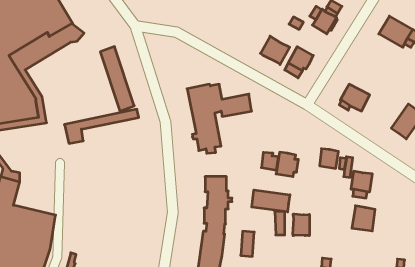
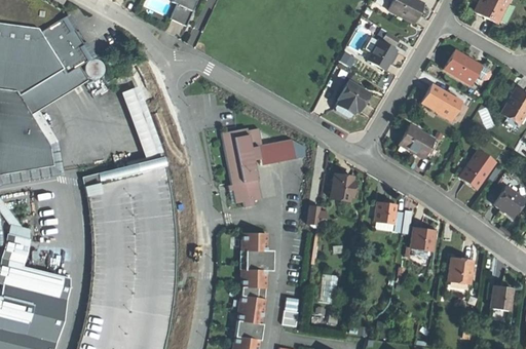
building: [260,36,290,65] -> none
building: none -> [421,85,460,119]
building: [276,152,298,177] -> [330,173,355,201]
building: [252,190,290,212] -> none
building: [352,206,375,231] -> [447,256,474,284]
building: [293,214,309,236] -> none

